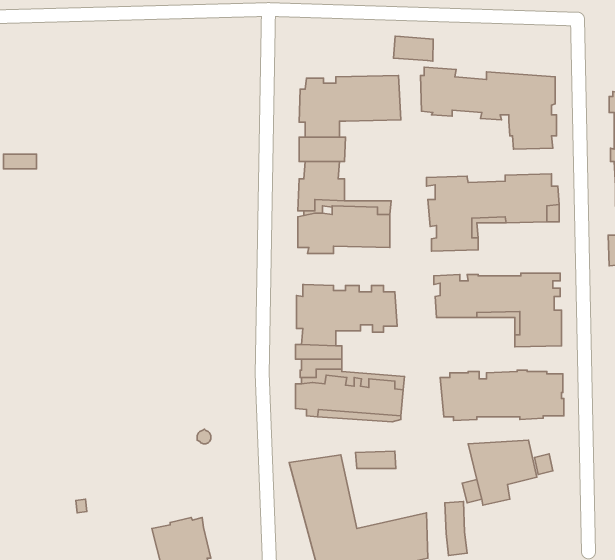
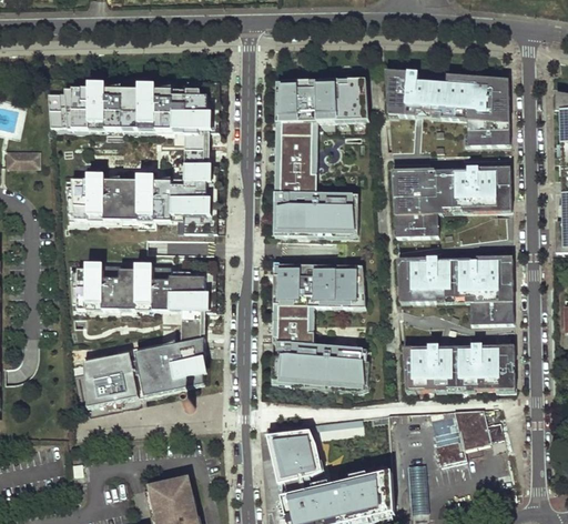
building: [394,36,433,61] -> none
building: none -> [48,80,219,232]
building: none -> [70,260,216,406]

